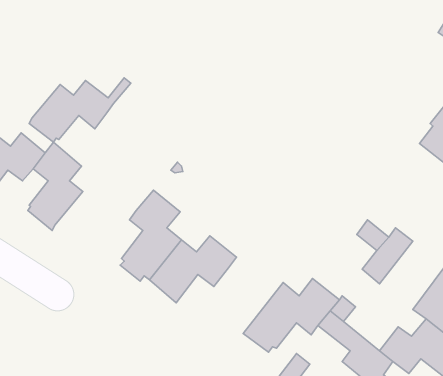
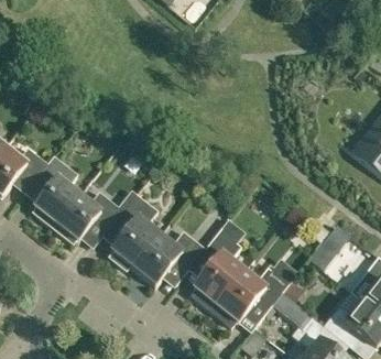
building: [29,78,131,142] -> [52,188,135,241]
building: none -> [190,229,242,311]

